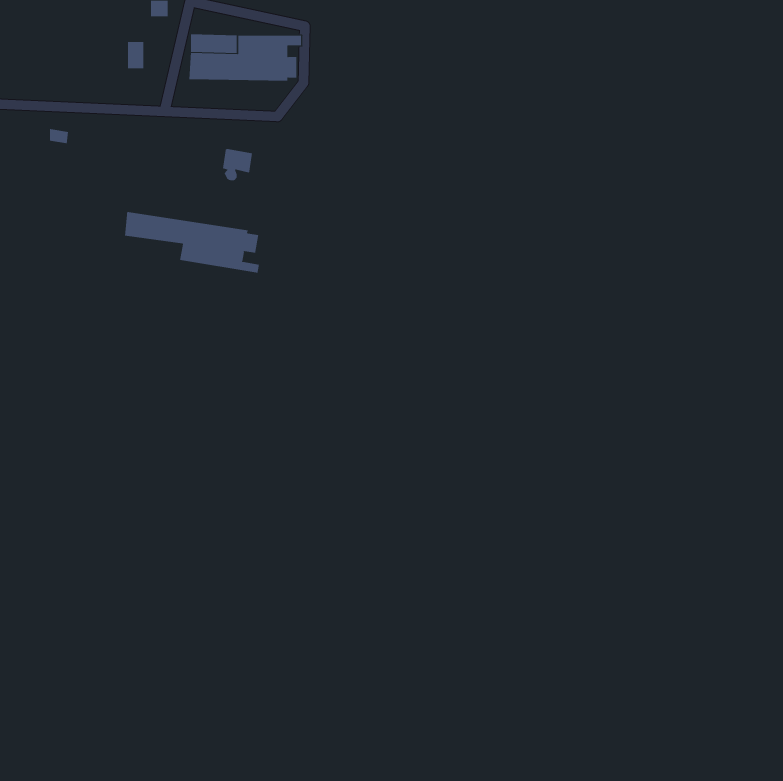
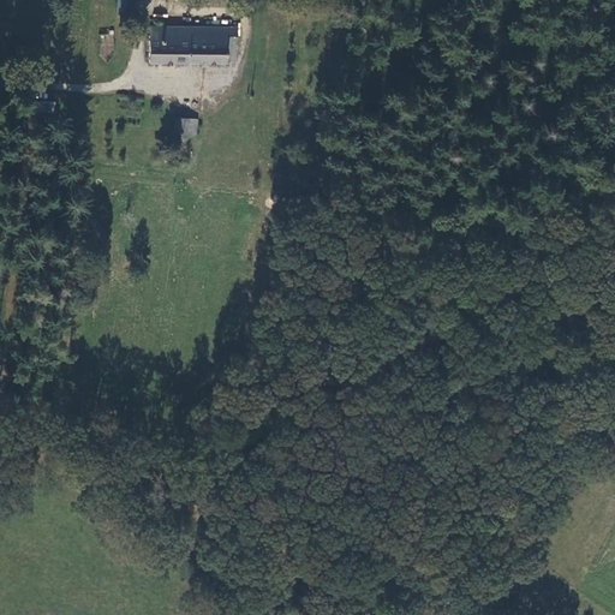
building: [125,211,259,274] -> none

